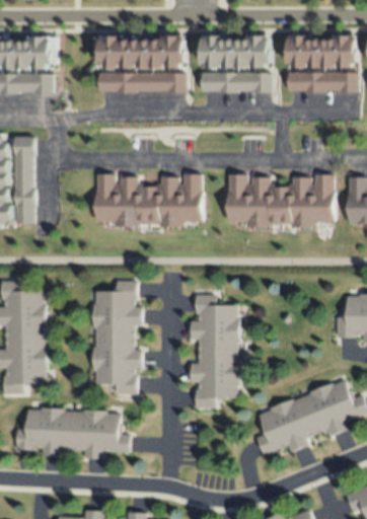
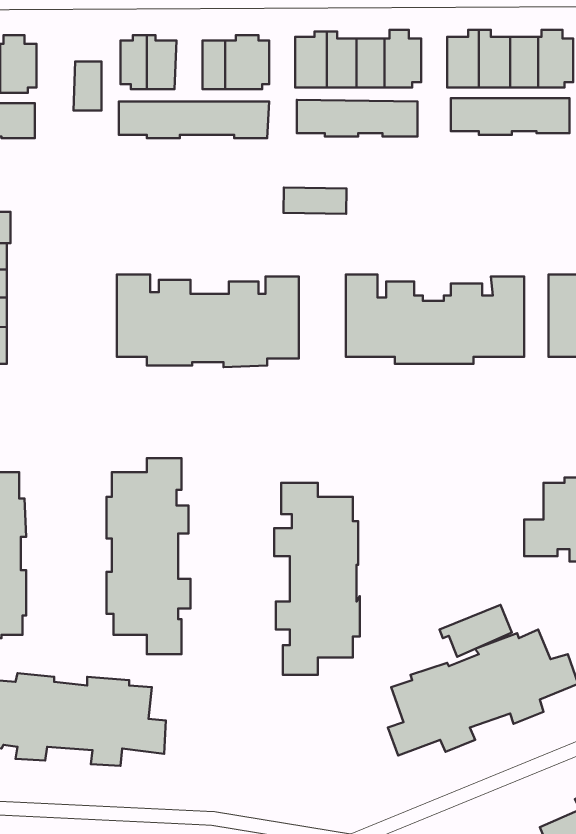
building: [132,39,148,67] -> [73,62,101,111]
building: none -> [283,188,346,214]
building: none -> [439,605,512,657]

